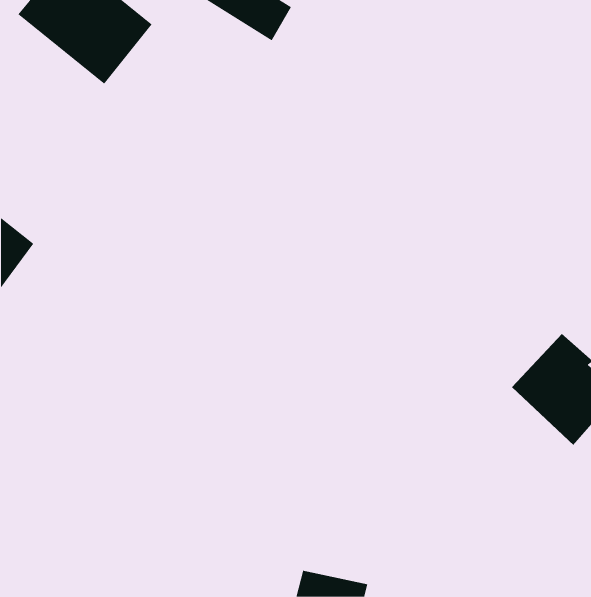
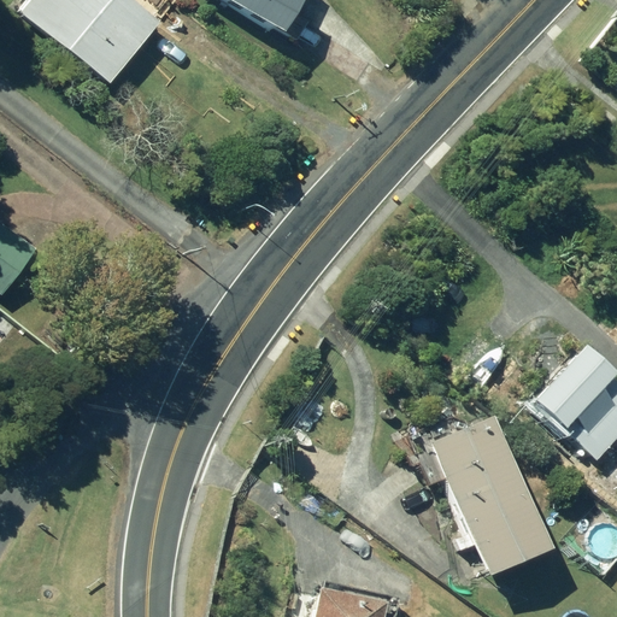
building: none -> [428,415,550,575]

